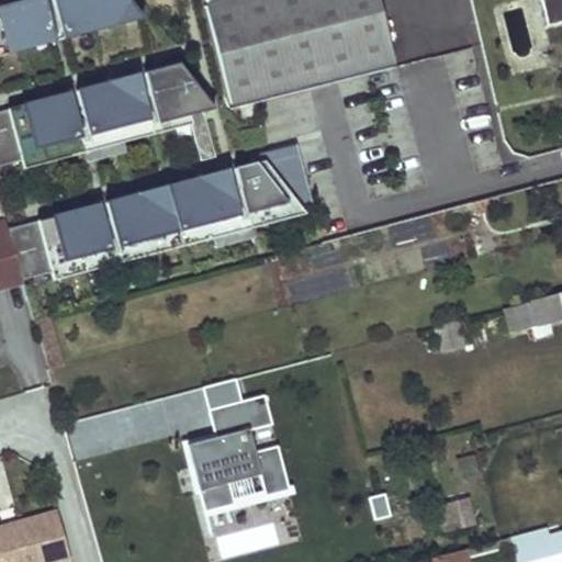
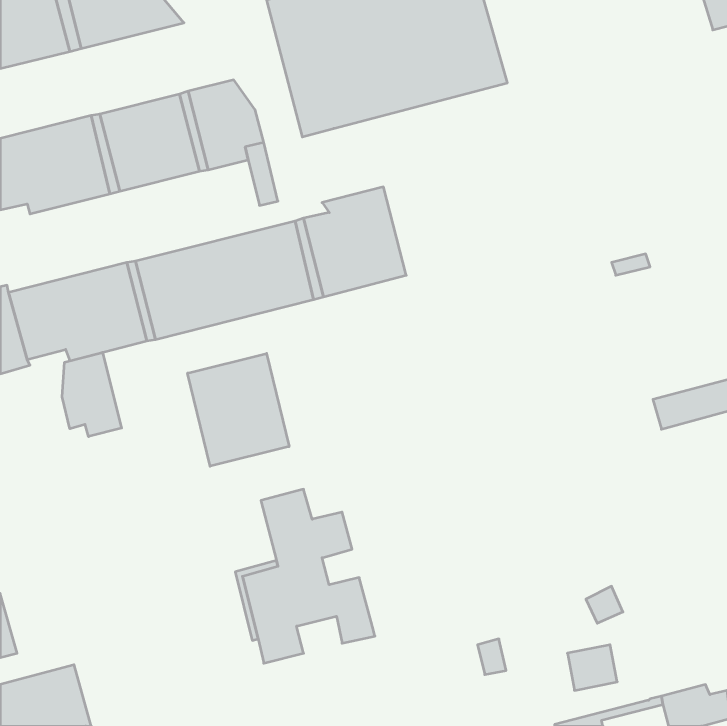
building: none -> [62,352,122,437]
building: none -> [188,353,289,466]
building: [204,474,295,515] -> none

